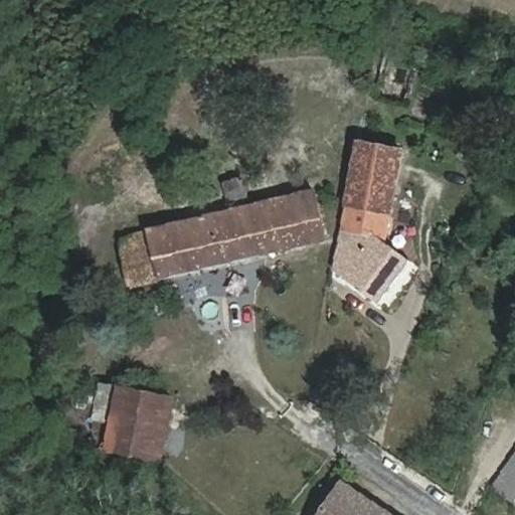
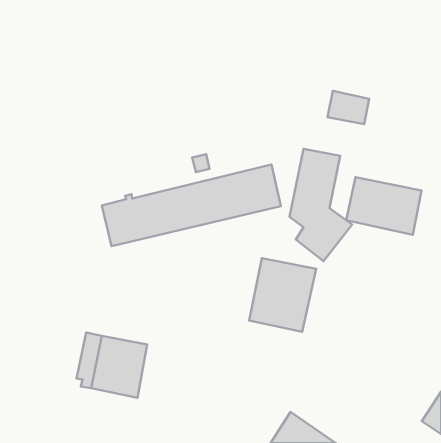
building: [351,142,399,180] -> [328,91,369,124]
building: none -> [346,177,421,235]
building: none -> [249,258,316,332]

